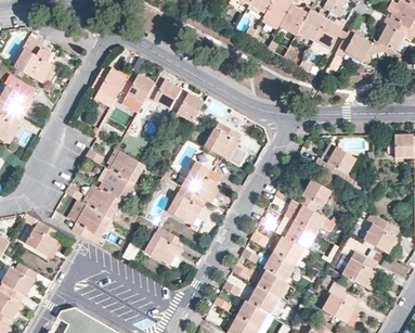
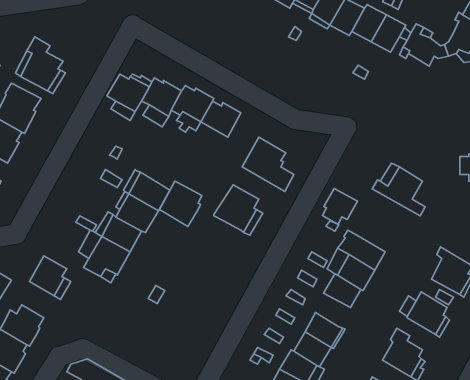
building: [301,180,330,210] -> [323,188,357,225]
building: [168,187,204,225] -> [159,181,202,226]
building: [145,226,182,265] -> none
building: [264,252,296,280] -> none

